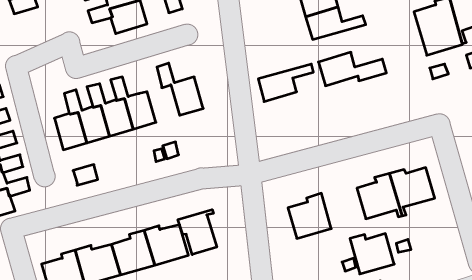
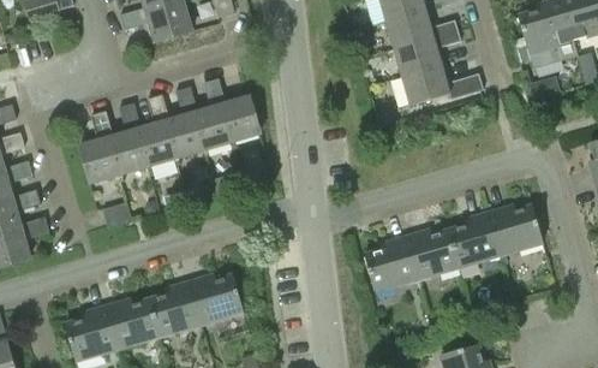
building: [258,64,313,102] -> [394,31,461,77]
building: none -> [175,87,232,150]
building: [178,210,217,255] -> none
building: [350,234,394,274] -> [405,231,459,280]

